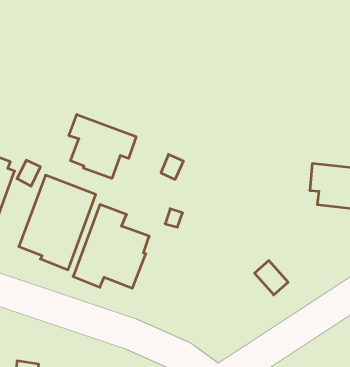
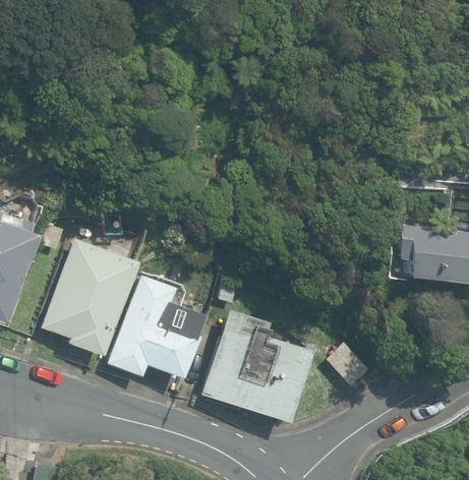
building: [69,114,136,178] -> none
building: none -> [202,309,310,421]

